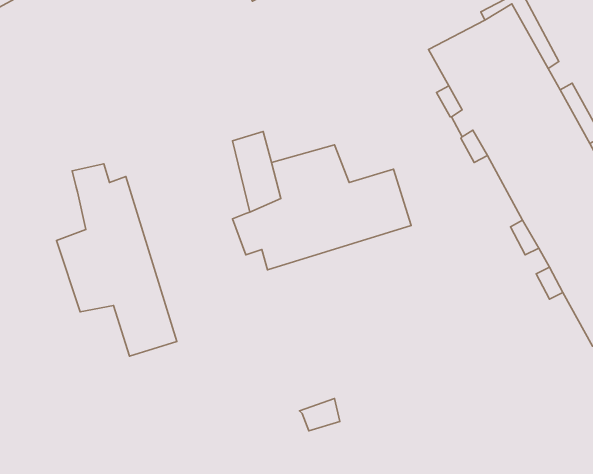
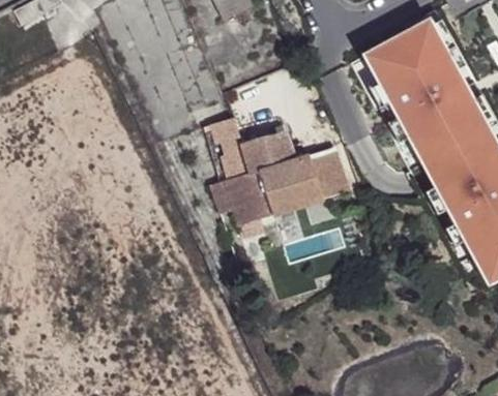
building: [56,164,177,356] -> none

